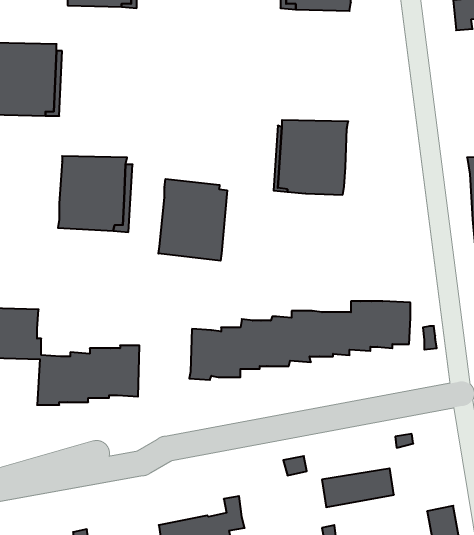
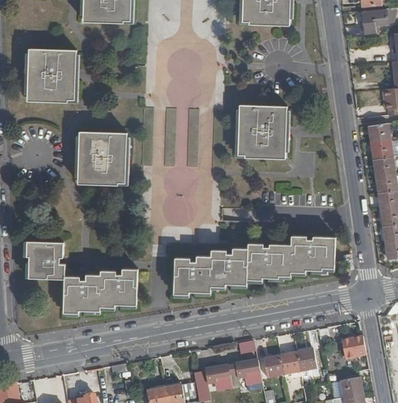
building: [158,179,227,261] -> none
building: none -> [342,337,368,360]
building: none -> [235,362,262,388]
building: none -> [205,366,232,394]

